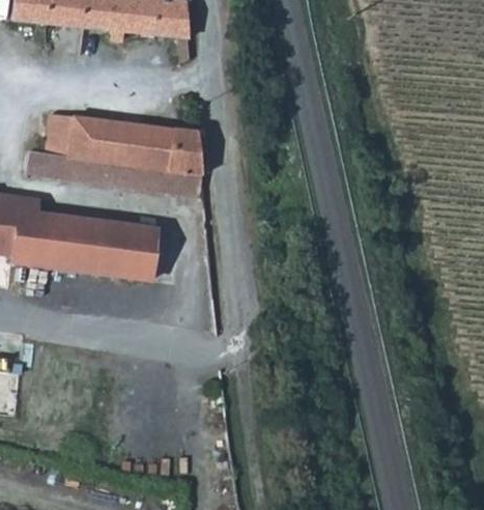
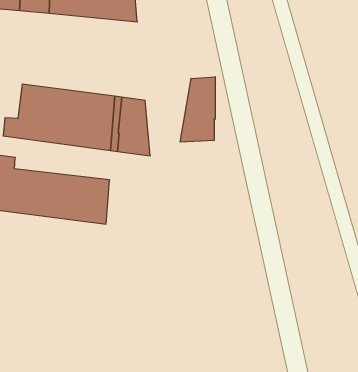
building: none -> [180,77,215,142]

